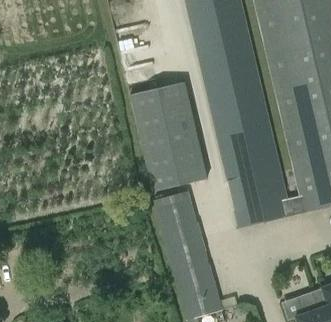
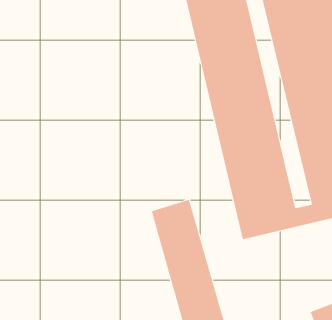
building: [129,81,206,190] -> none

